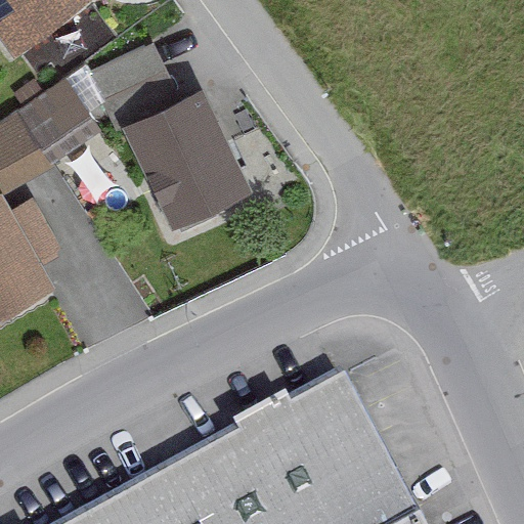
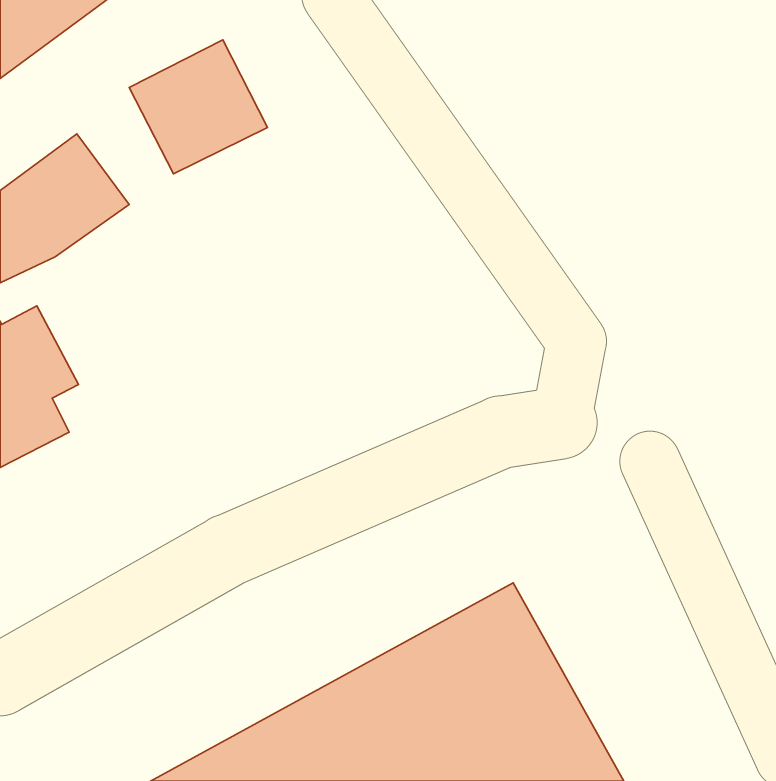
building: [118,90,247,231] -> none

